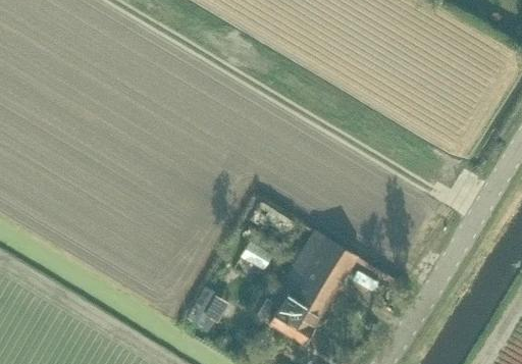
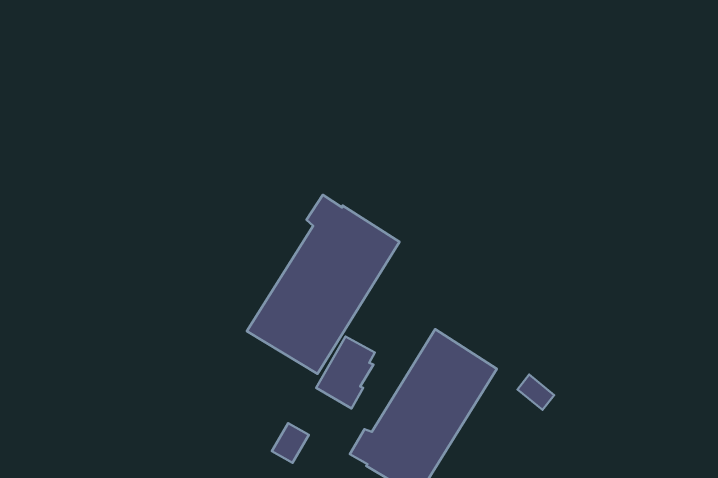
building: none -> [247,195,400,374]

